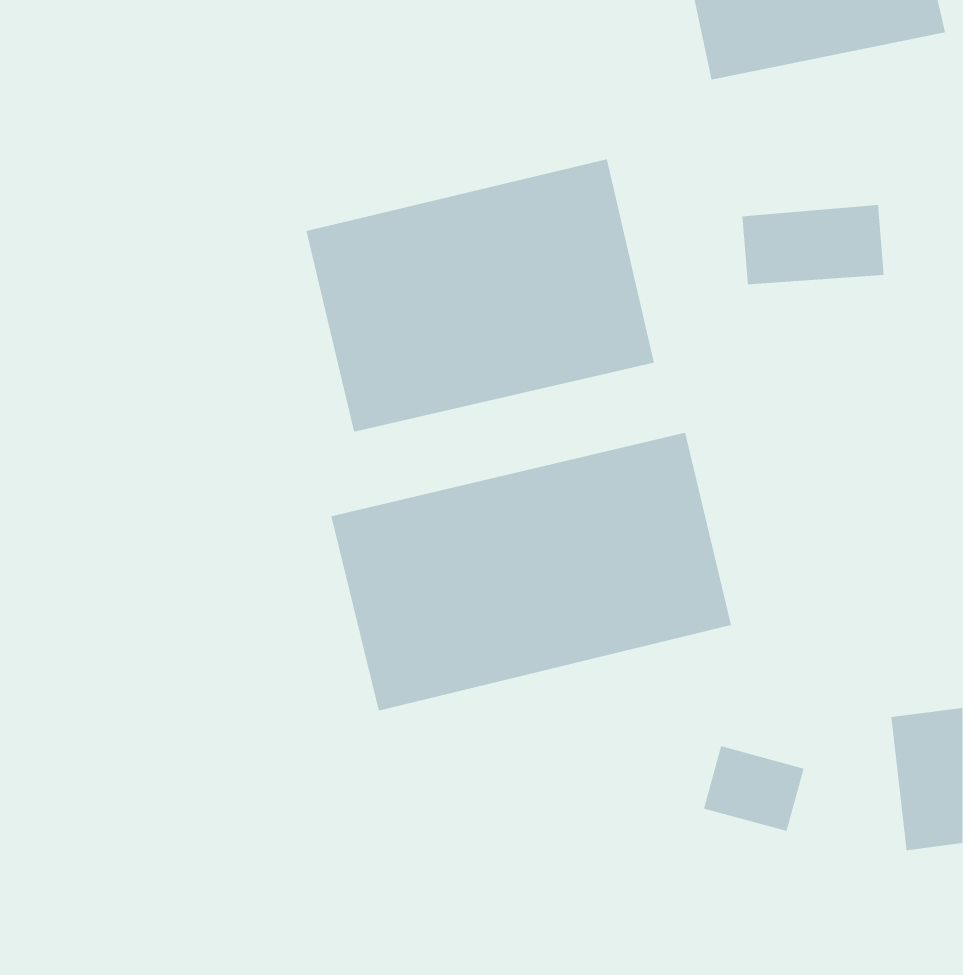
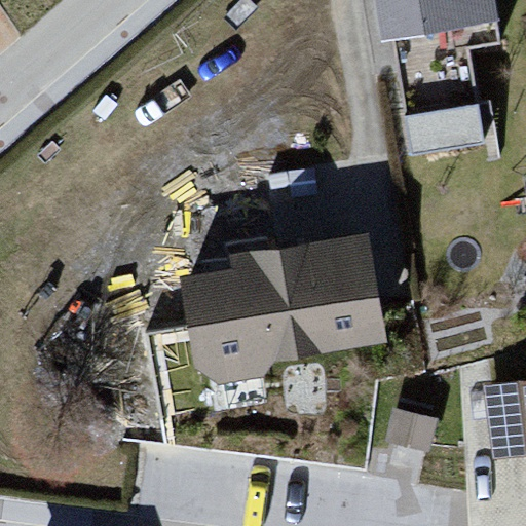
building: [306,158,655,433] -> none

